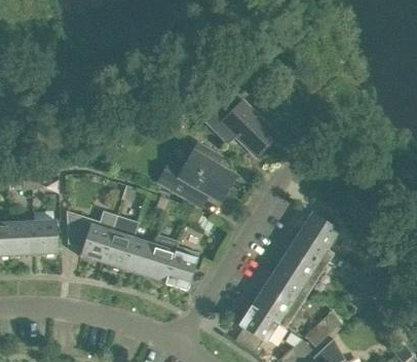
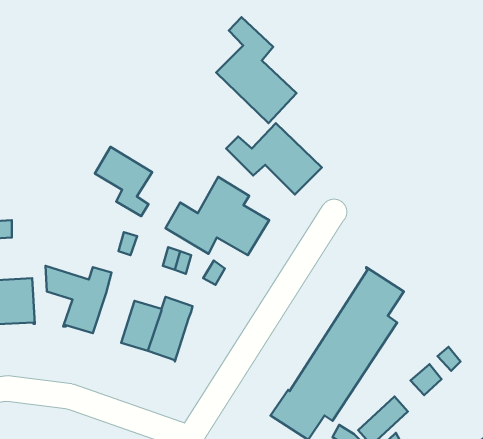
building: none -> [216,17,297,123]
building: none -> [95,147,152,216]
building: [102,215,138,268] -> none
building: [164,245,198,290] -> none

